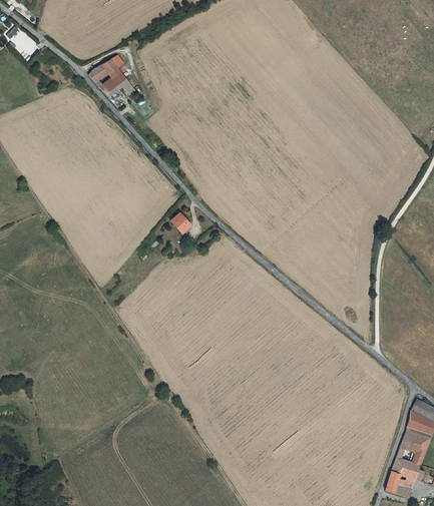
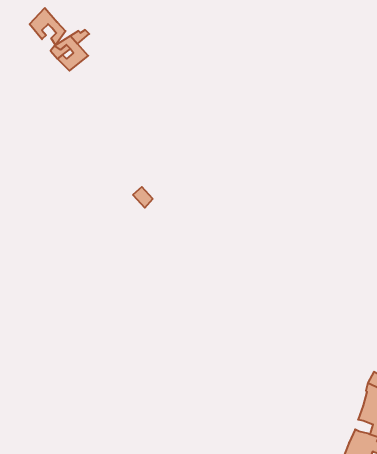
building: none -> [30,8,66,45]

